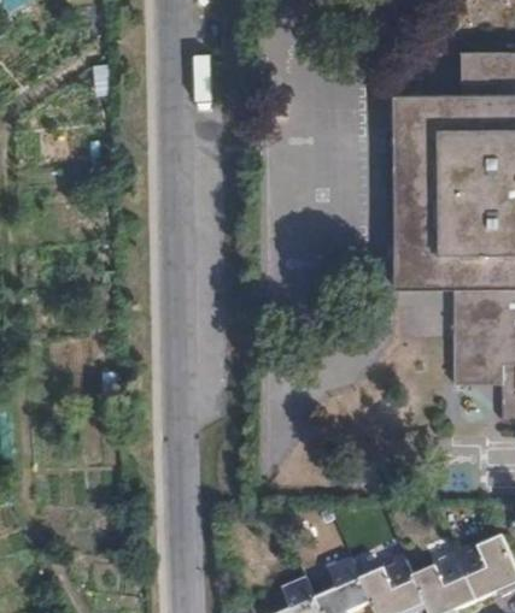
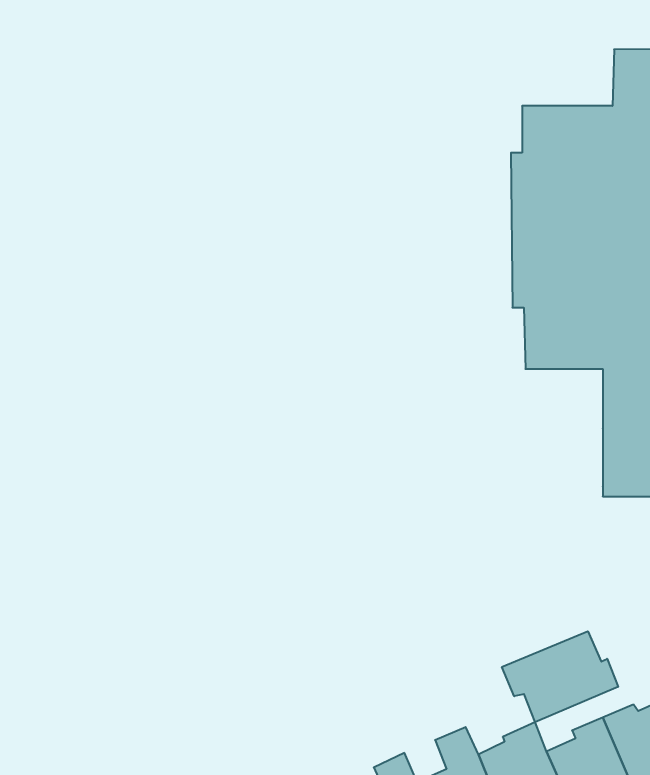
building: none -> [502,631,618,722]

